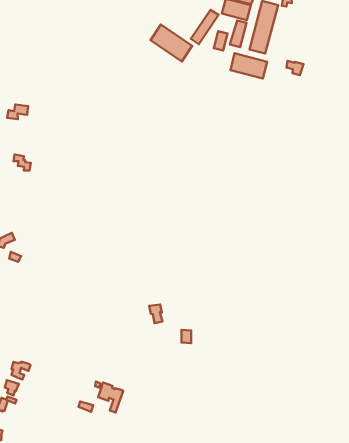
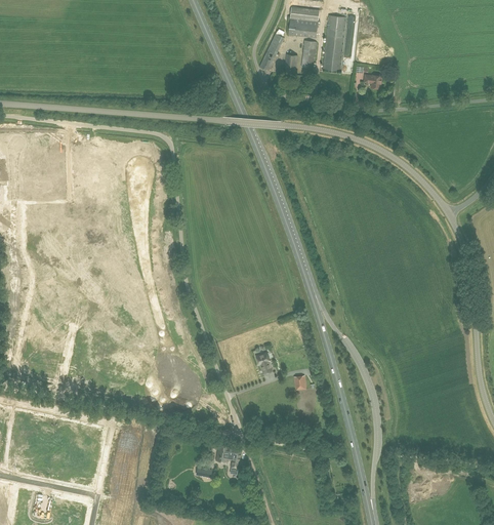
building: [150,25,192,61] -> none
building: [230,53,267,79] -> none

